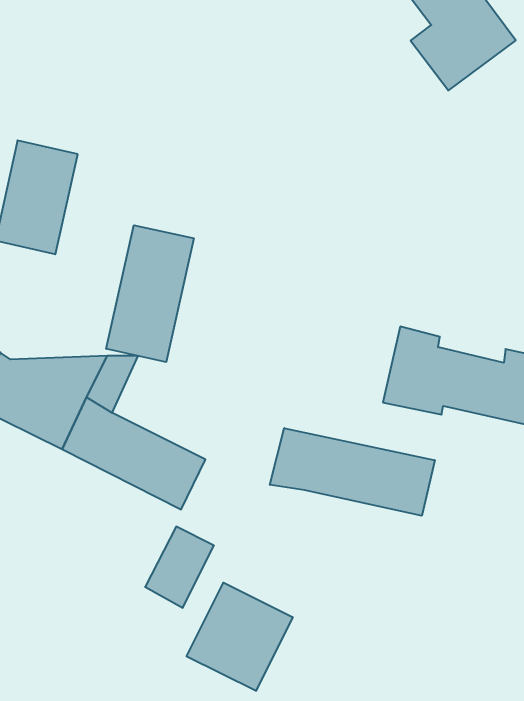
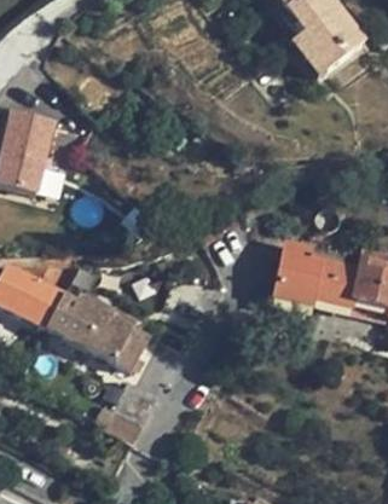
building: [106,225,194,362] -> none
building: [270,428,435,516] -> none
building: [187,583,293,691] -> none

